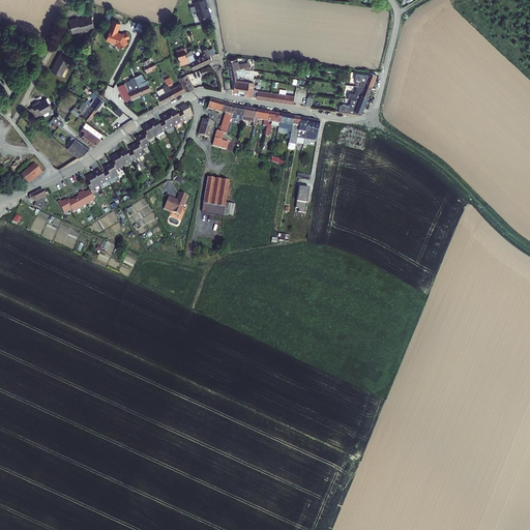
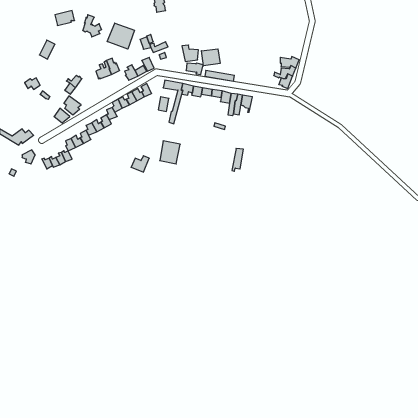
building: none -> [107,23,134,49]
building: none -> [201,49,220,66]

